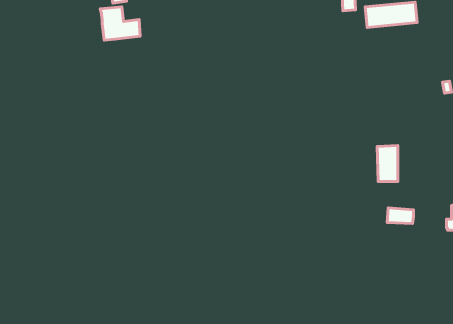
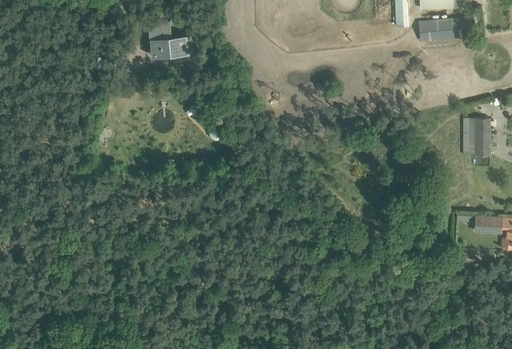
building: [377,145,398,182] -> [468,119,489,156]
building: [387,208,414,223] -> [474,217,501,233]

